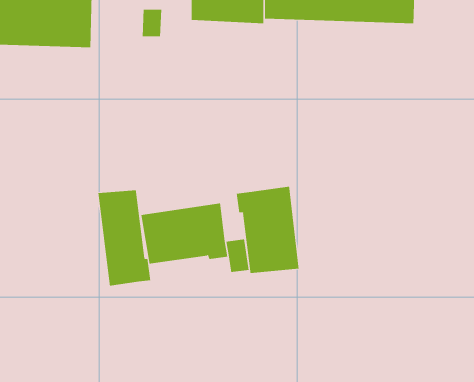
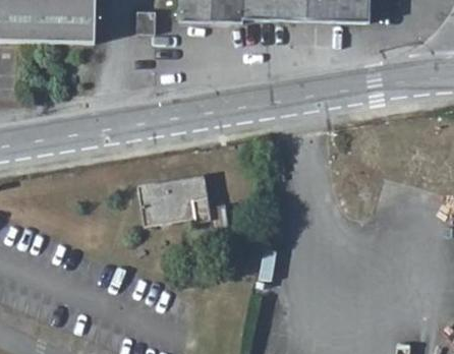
building: [236,186,299,274] -> none
building: [98,190,151,286] -> none

